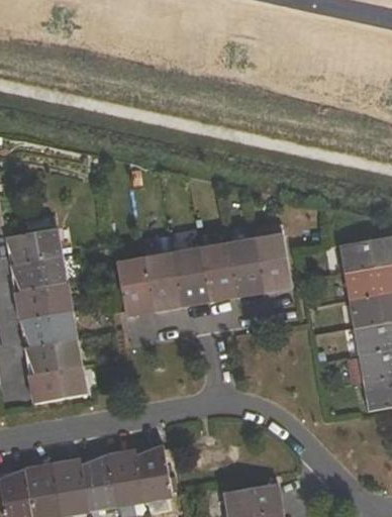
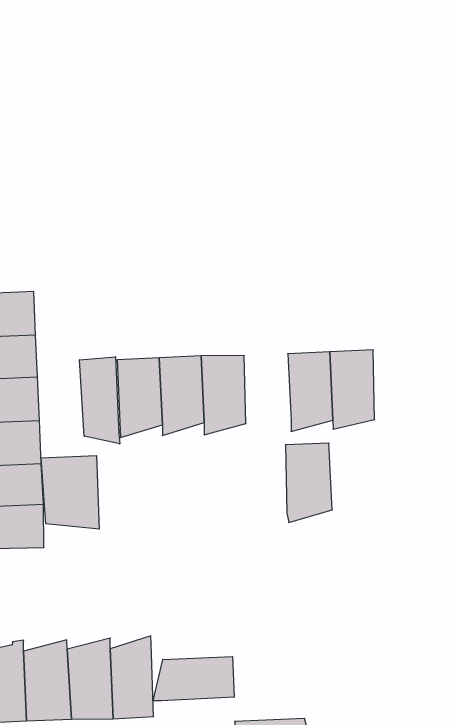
building: [199,246,235,302] -> [285,443,332,522]
building: none -> [80,357,120,444]
building: none -> [41,456,99,529]
building: none -> [153,657,234,701]

